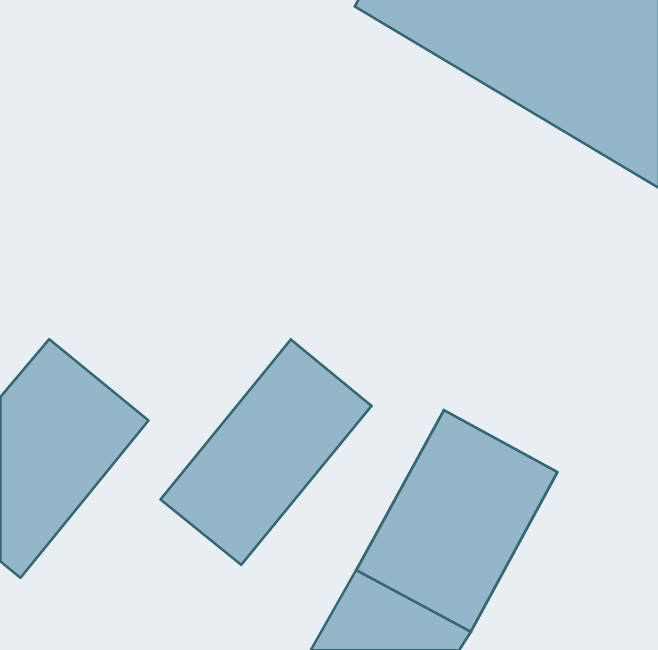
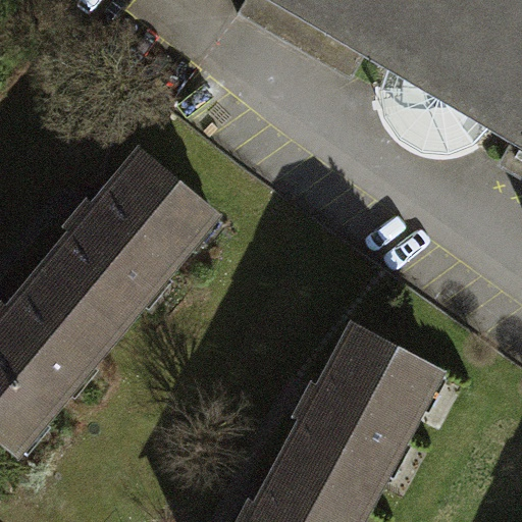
building: none -> [40,151,215,332]
building: [161,339,372,565] -> none

